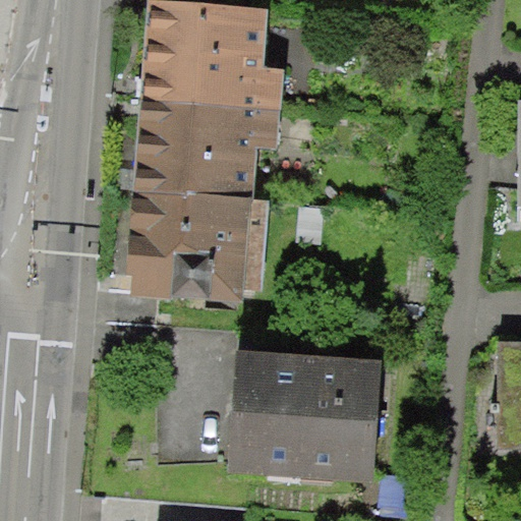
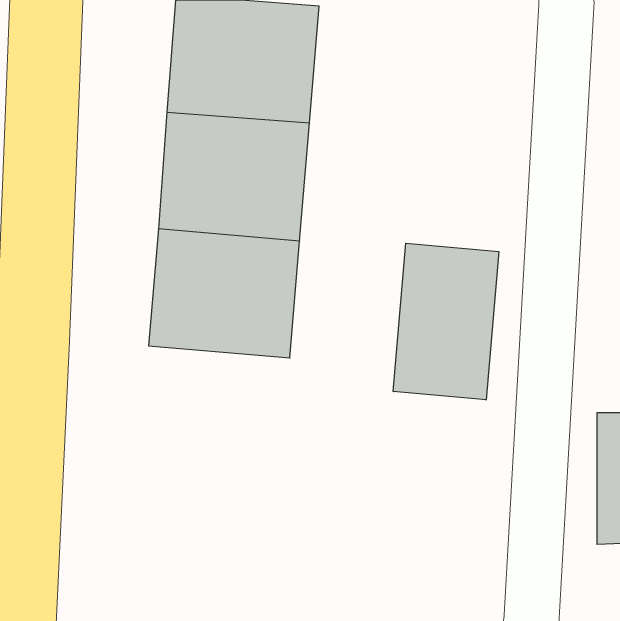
building: none -> [393,243,499,400]
building: [234,363,387,481] -> none

